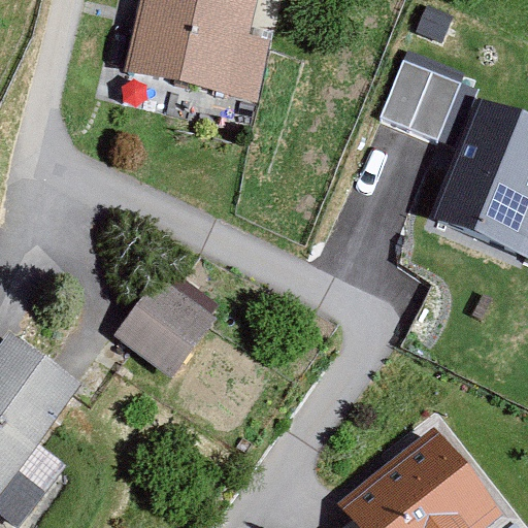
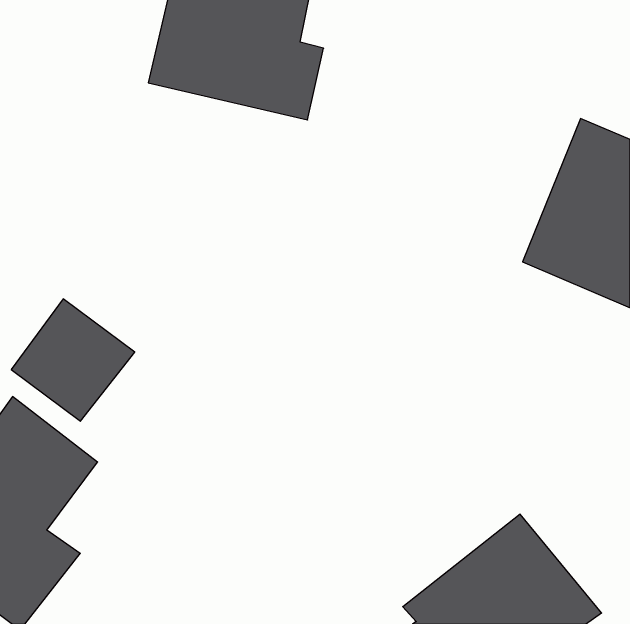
building: [378,57,462,143] -> none
building: [114,273,218,375] -> [11,299,135,421]

